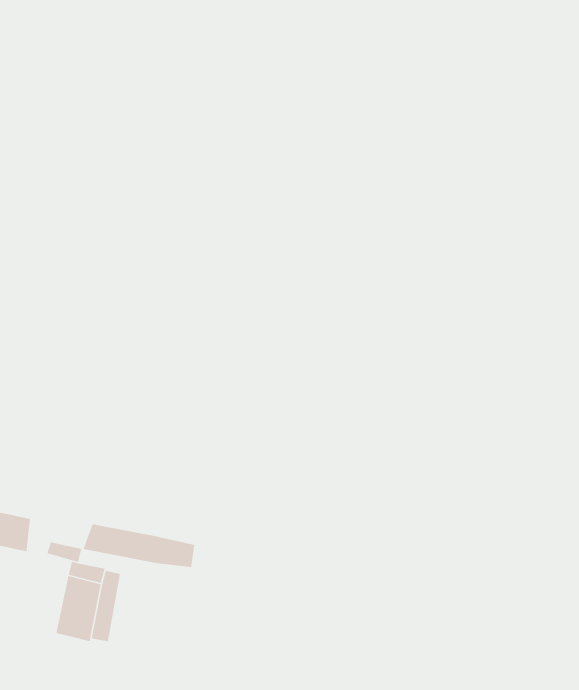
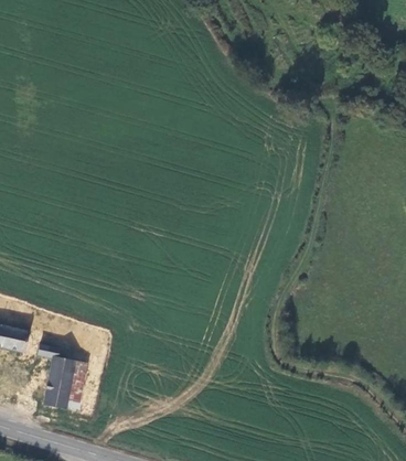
building: [82,523,195,568] -> none

